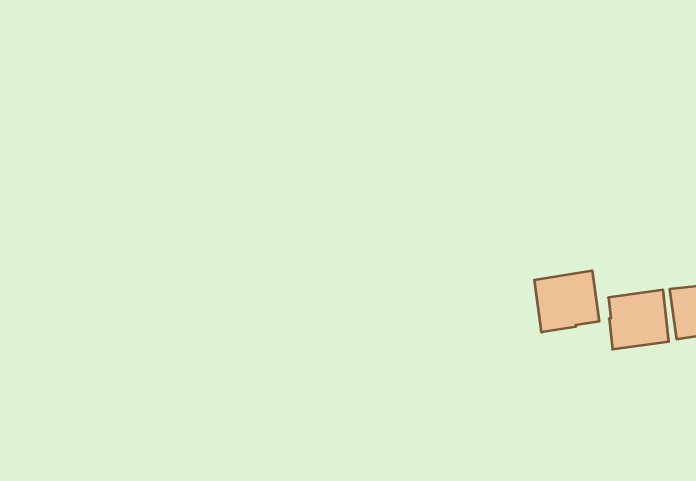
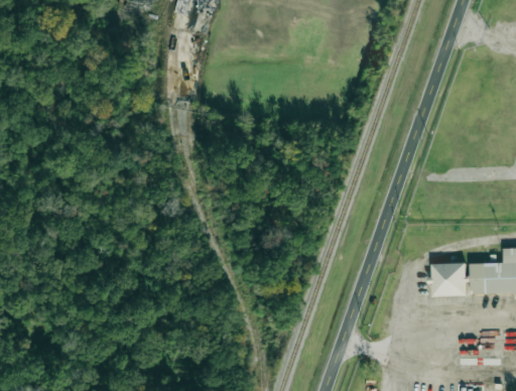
building: [534,271,599,332] -> none

